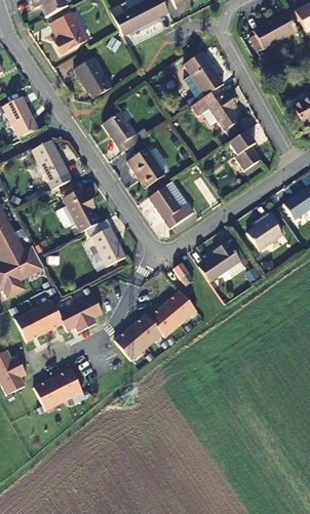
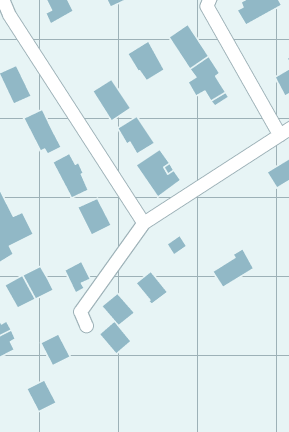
building: [73,54,111,95] -> [128,41,165,81]
building: [230,128,262,170] -> none
building: [245,214,281,249] -> none
building: [197,242,239,282] -> [213,249,254,288]
building: [162,292,195,326] -> none
building: [56,304,85,332] -> none
building: [128,314,161,348] -> [99,321,131,354]
building: [31,379,62,411] -> [27,380,57,412]

